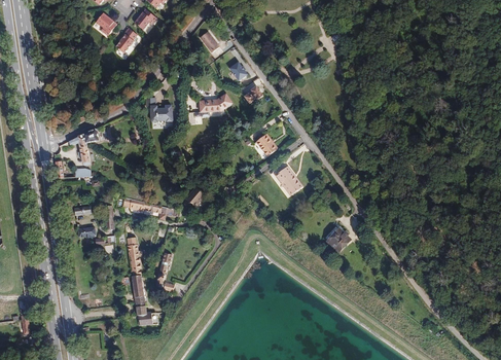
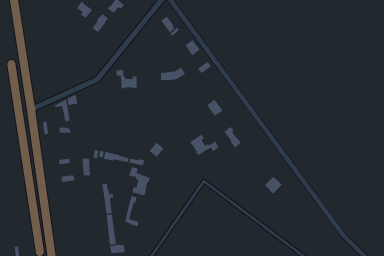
building: none -> [189,134,219,156]
building: none -> [128,166,151,196]

